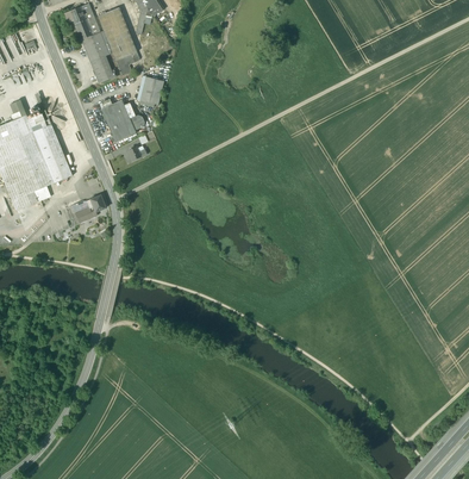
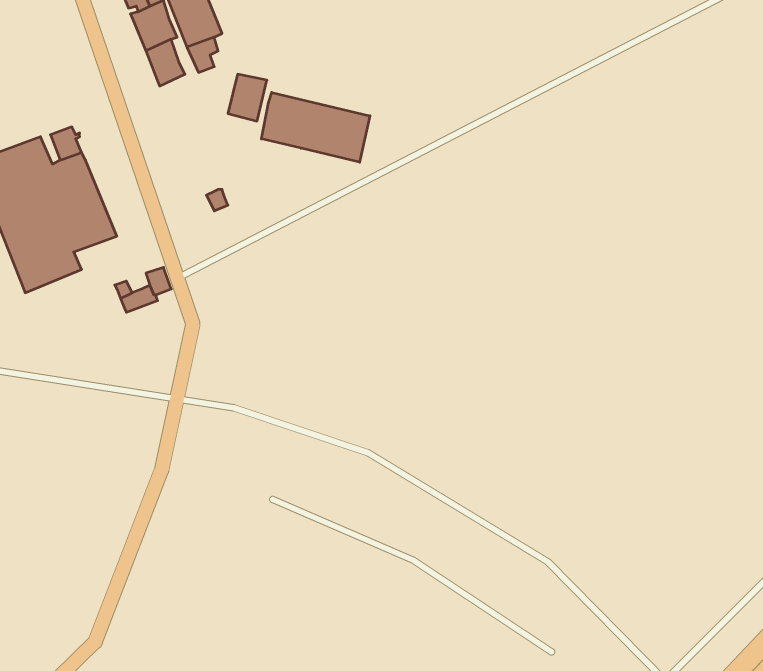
building: none -> [261,92,370,162]
building: [100,100,143,142] -> none

